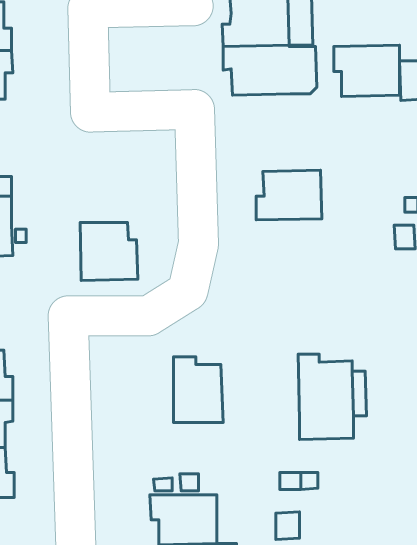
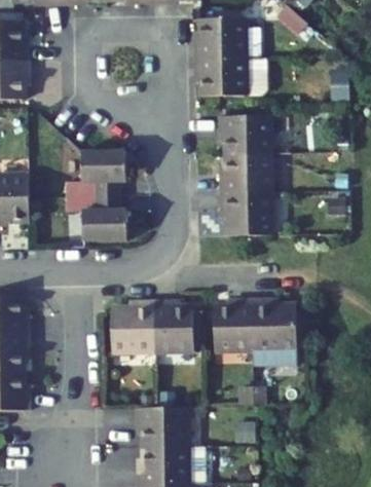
building: [334,45,400,97] -> [217,115,268,155]
building: none -> [65,151,124,196]
building: none -> [218,192,270,236]
building: none -> [212,298,252,350]
building: none -> [110,300,153,352]

